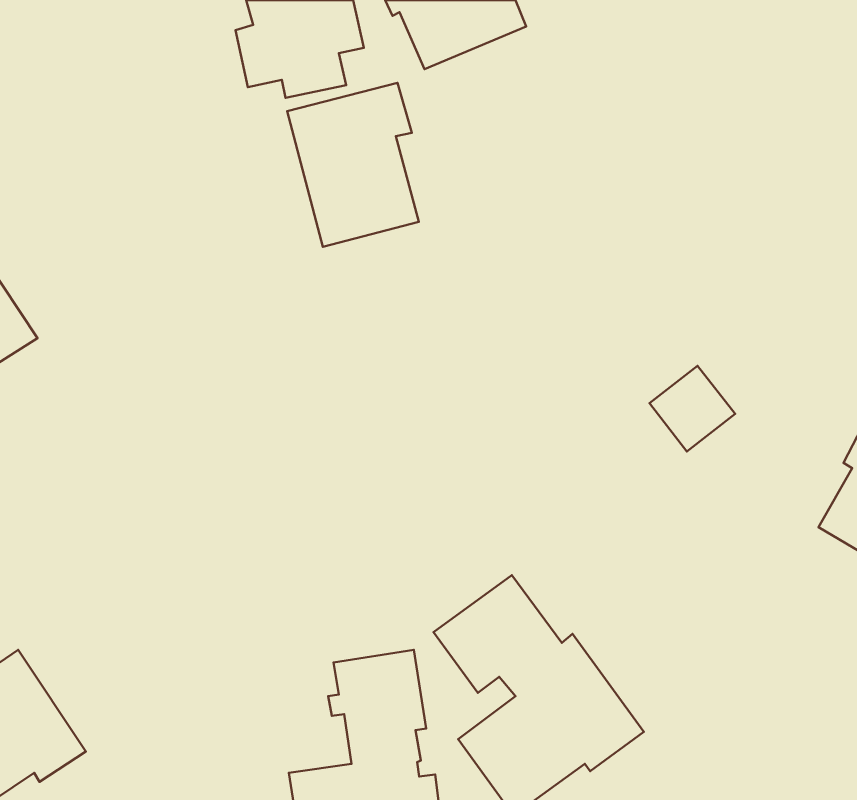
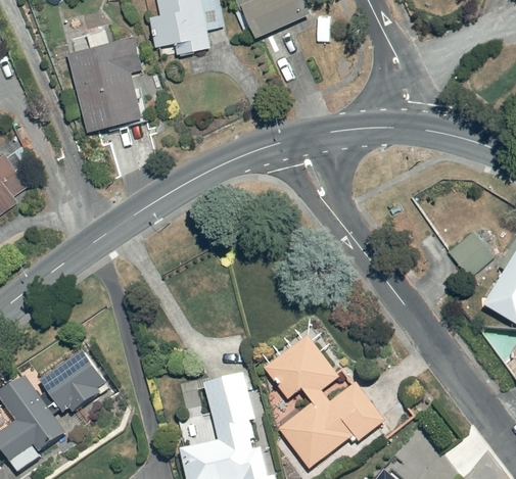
building: [287,83,419,247] -> [67,41,143,135]
building: [649,366,735,451] -> [447,228,496,277]
building: none -> [39,348,108,415]

